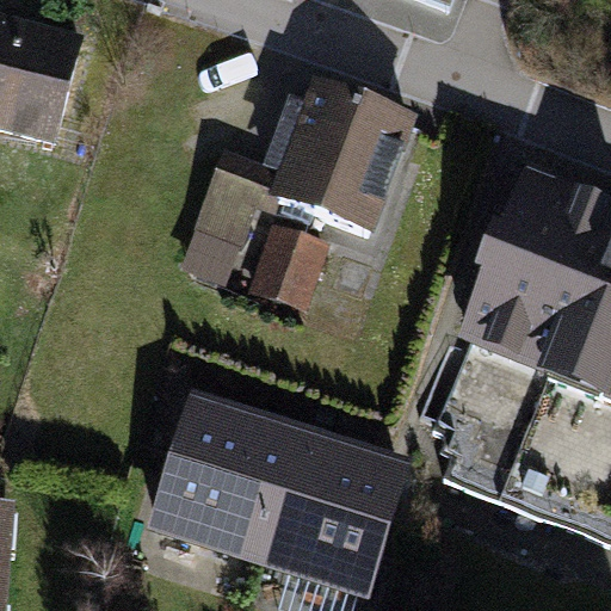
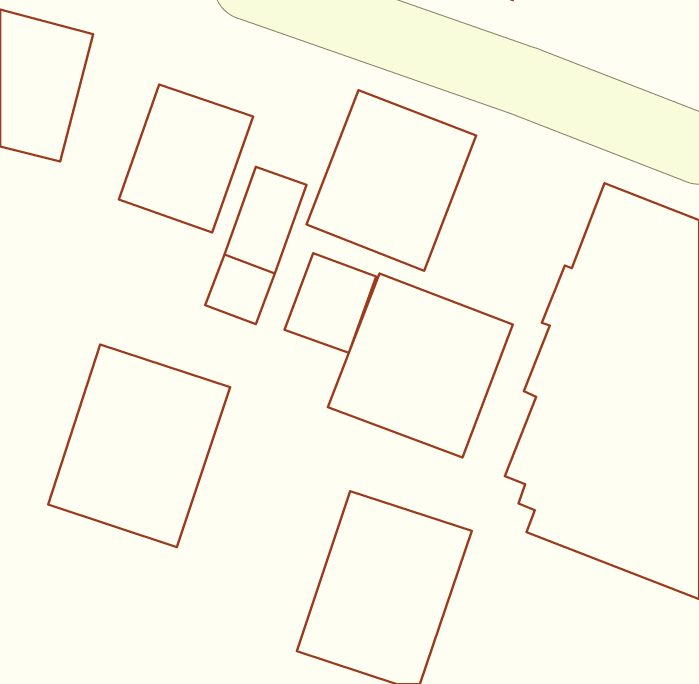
building: none -> [119,84,253,233]
building: none -> [328,273,513,458]
building: [147,391,306,568] -> [48,345,230,547]

